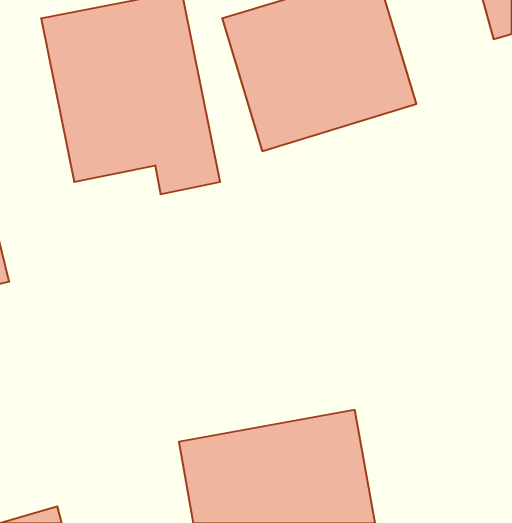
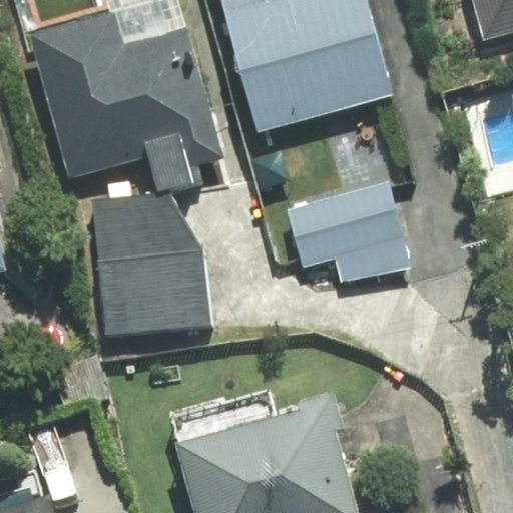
building: none -> [278,181,402,279]
building: none -> [89,206,218,346]

